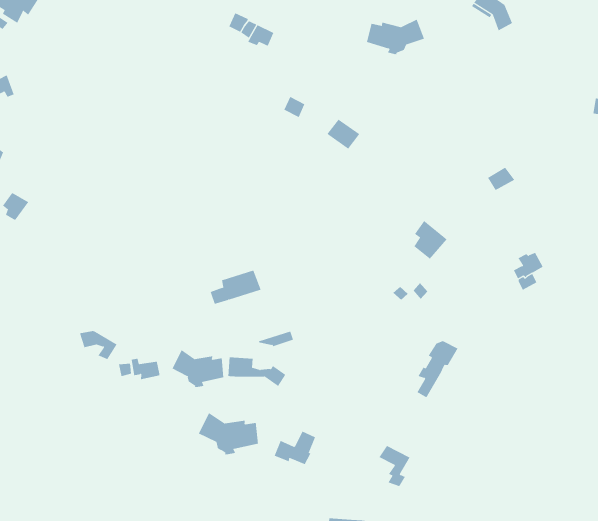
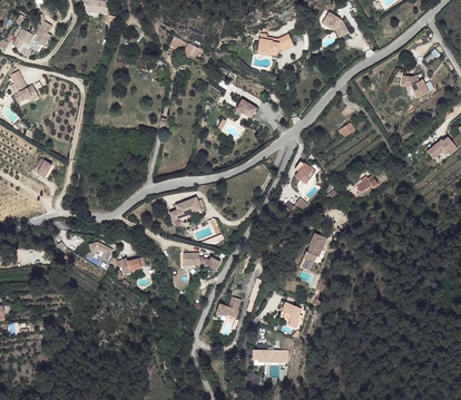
building: [172,349,224,388] -> none
building: [198,412,258,455] -> none

